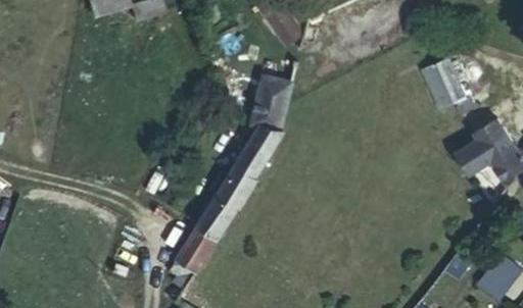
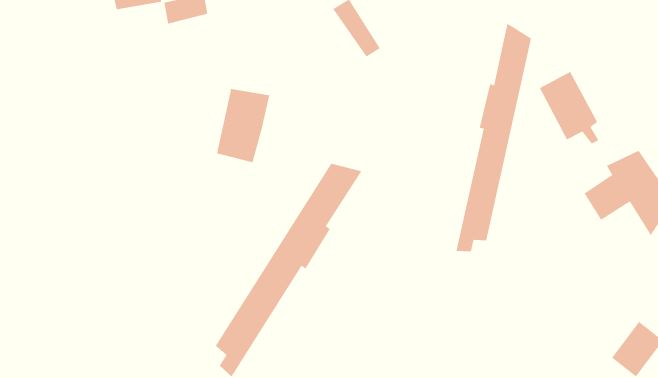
building: none -> [456,23,532,252]
building: [250,76,292,135] -> [216,88,270,163]

